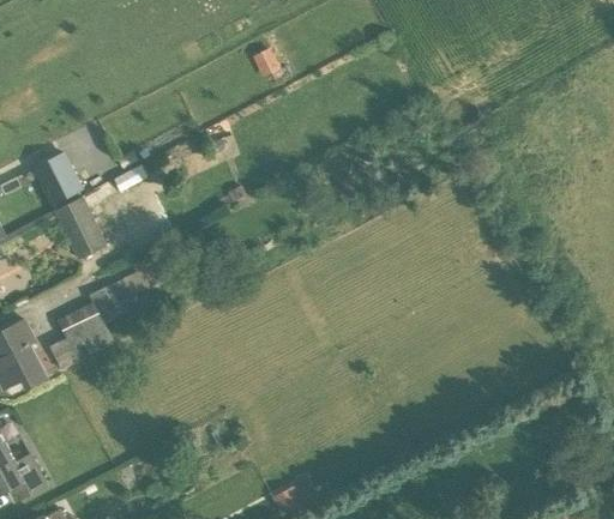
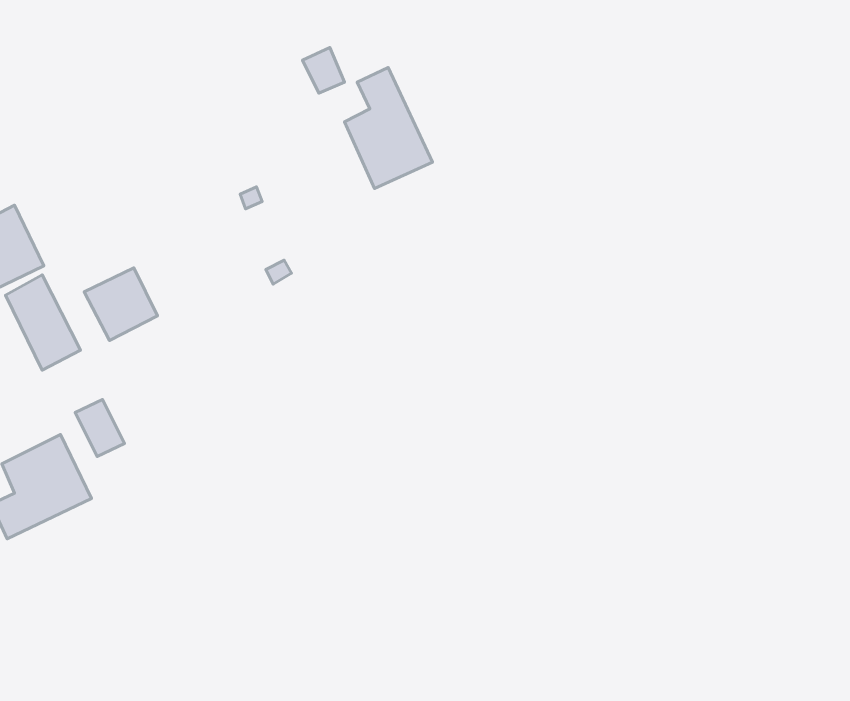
building: none -> [345,68,432,189]
building: none -> [84,268,157,341]

